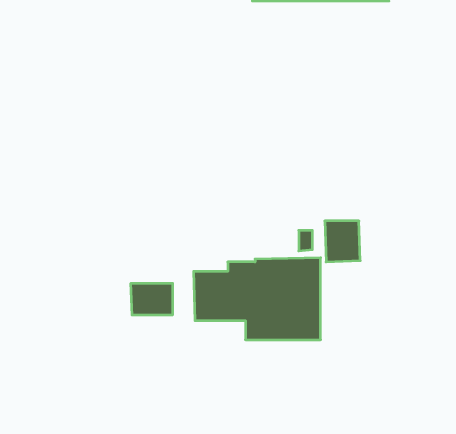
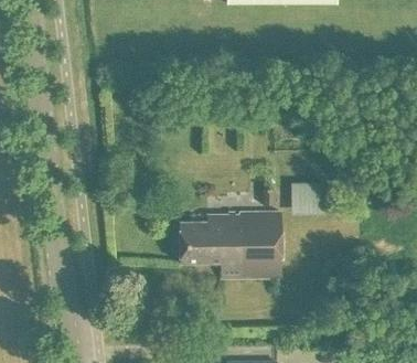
building: [131,283,173,315] -> none

